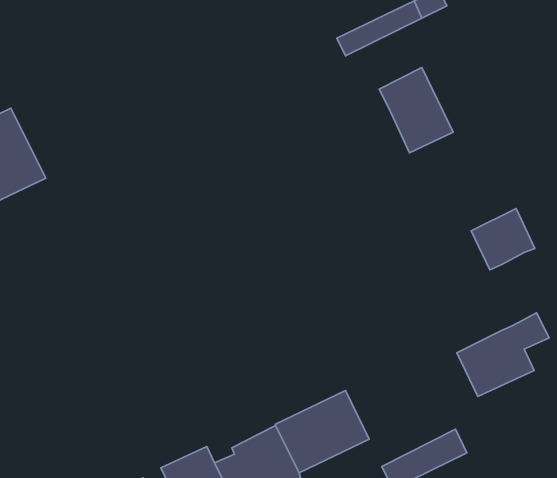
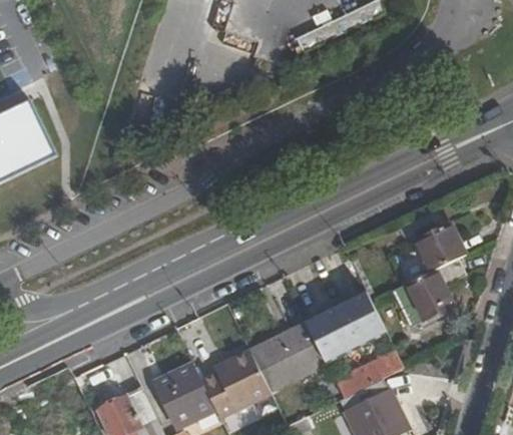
building: [379,67,453,153] -> none
building: [471,208,535,270] -> [414,225,465,274]
building: none -> [304,293,383,362]

